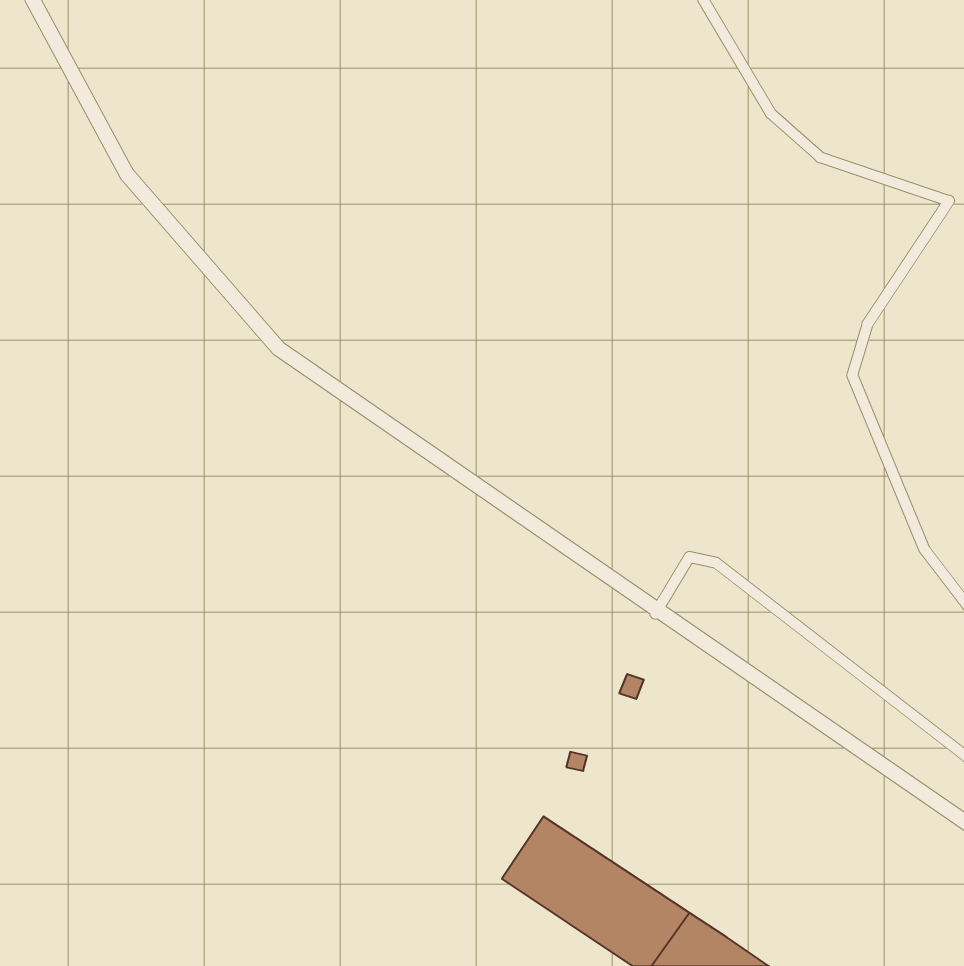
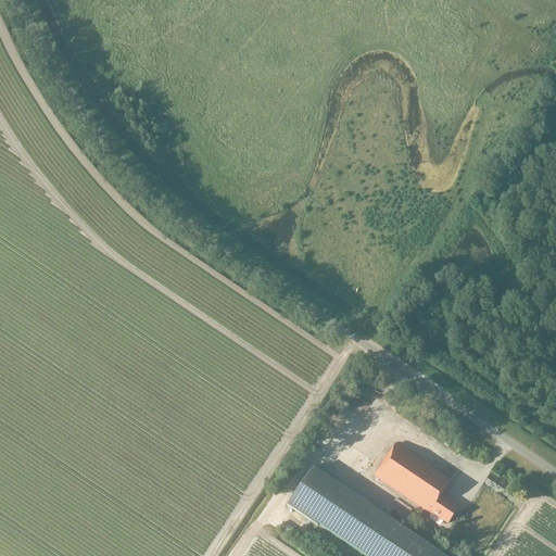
building: none -> [376,444,459,523]

